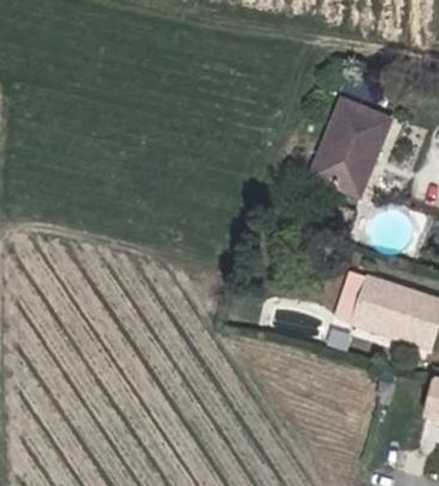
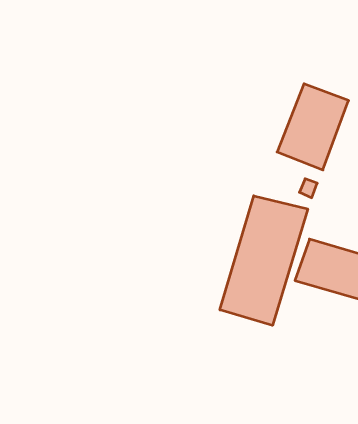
building: none -> [220,196,308,325]

